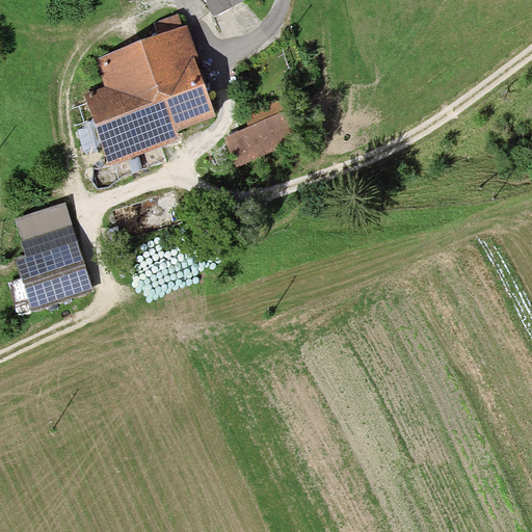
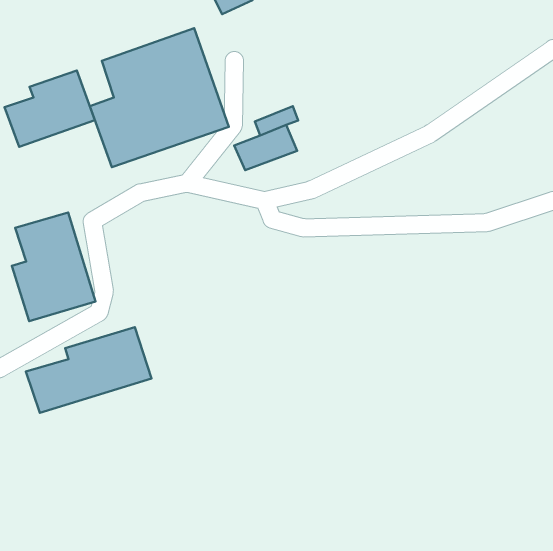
building: none -> [4,70,95,147]
building: none -> [26,327,151,413]

